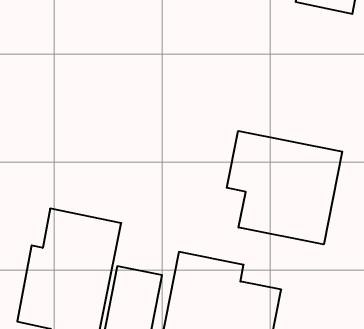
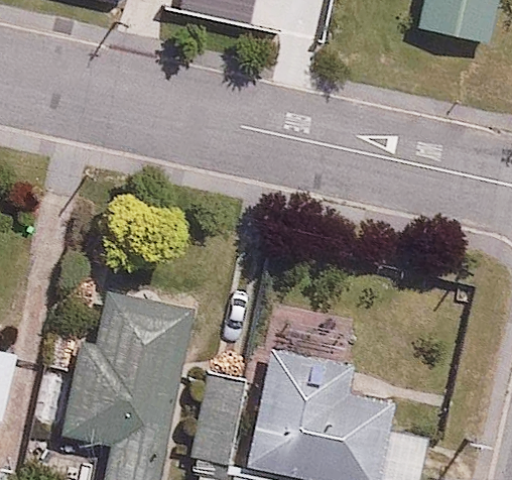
building: [227,131,342,244] -> none

